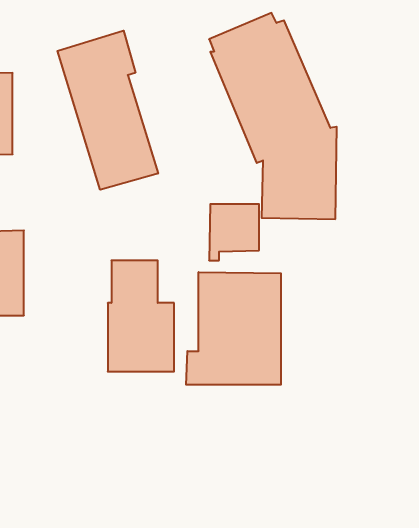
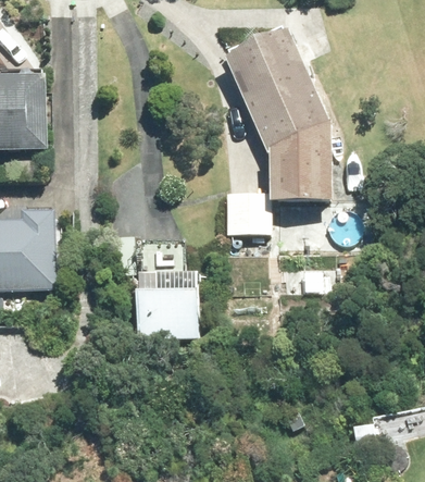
building: [57,31,158,190] -> none
building: [186,272,281,385] -> none

